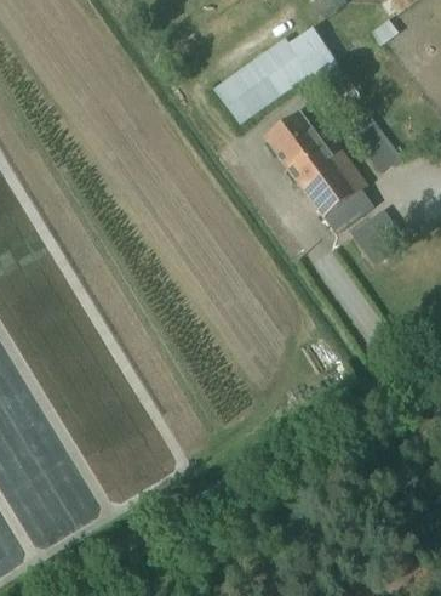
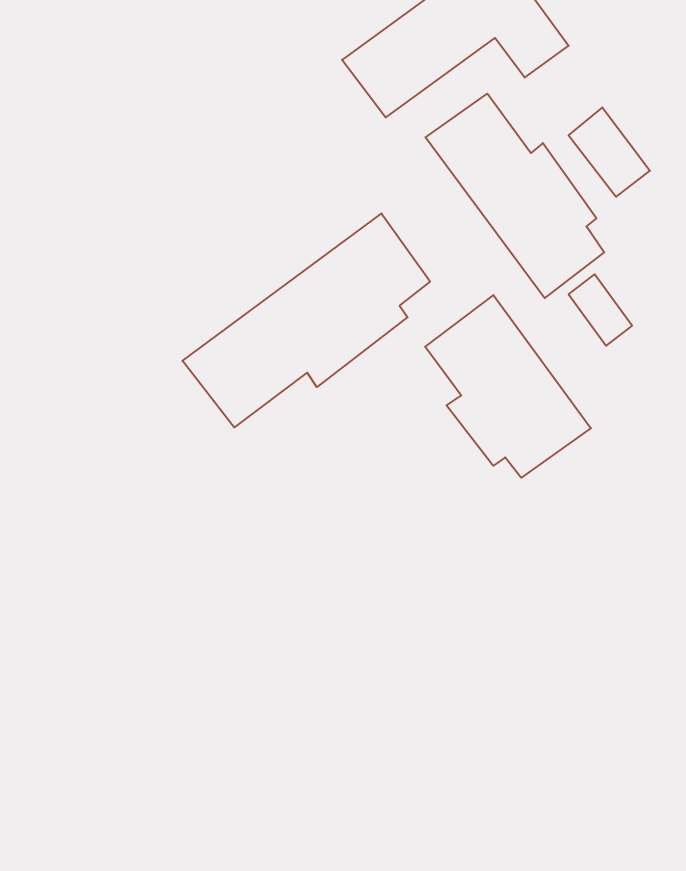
building: none -> [182,213,430,427]
building: none -> [425,295,591,478]

